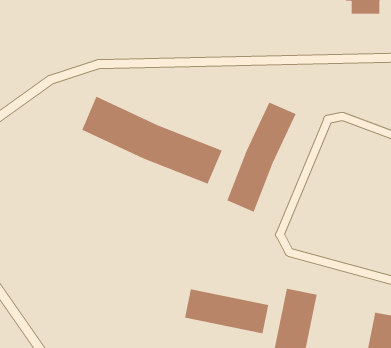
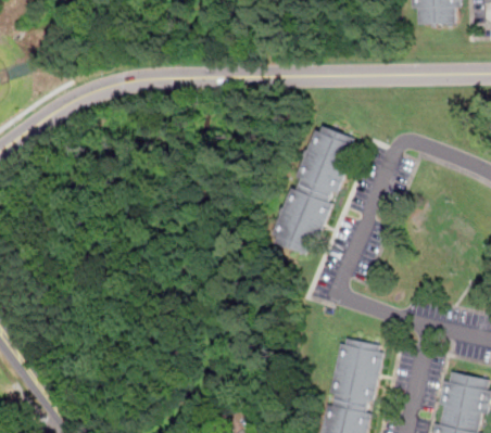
building: [82,96,223,185] -> none
building: [185,288,269,334] -> none

